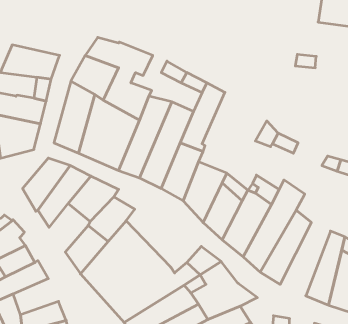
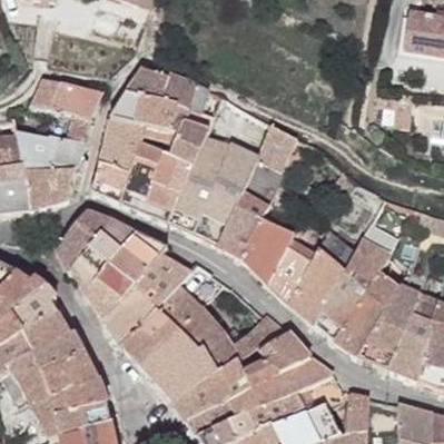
building: none -> [88,263,136,319]
building: none -> [358,283,417,371]
building: none -> [46,351,99,393]

